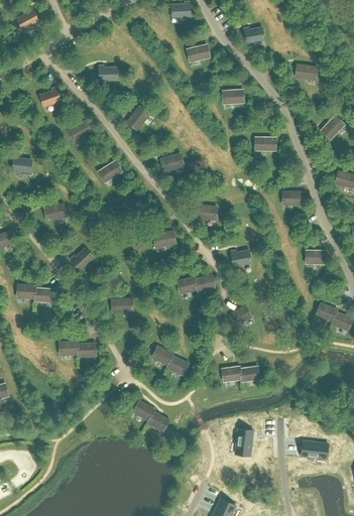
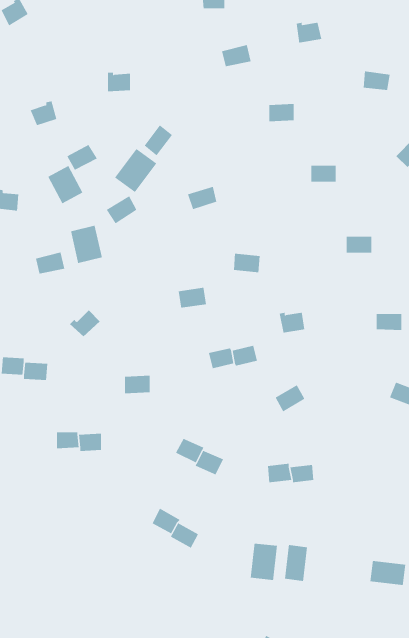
building: none -> [114,148,157,193]
building: none -> [47,165,83,204]
building: none -> [70,225,102,264]
building: none -> [250,543,277,581]

